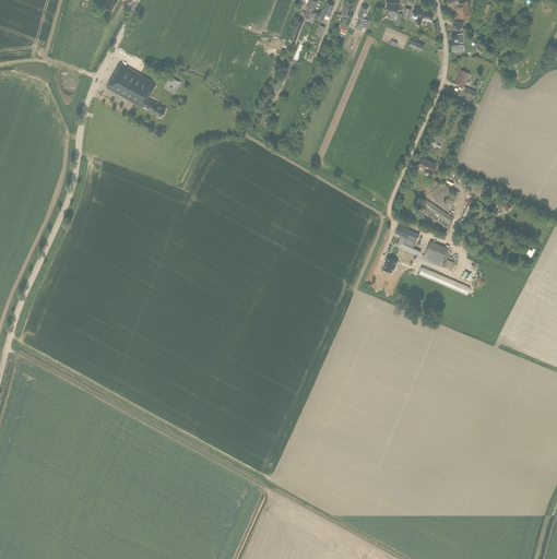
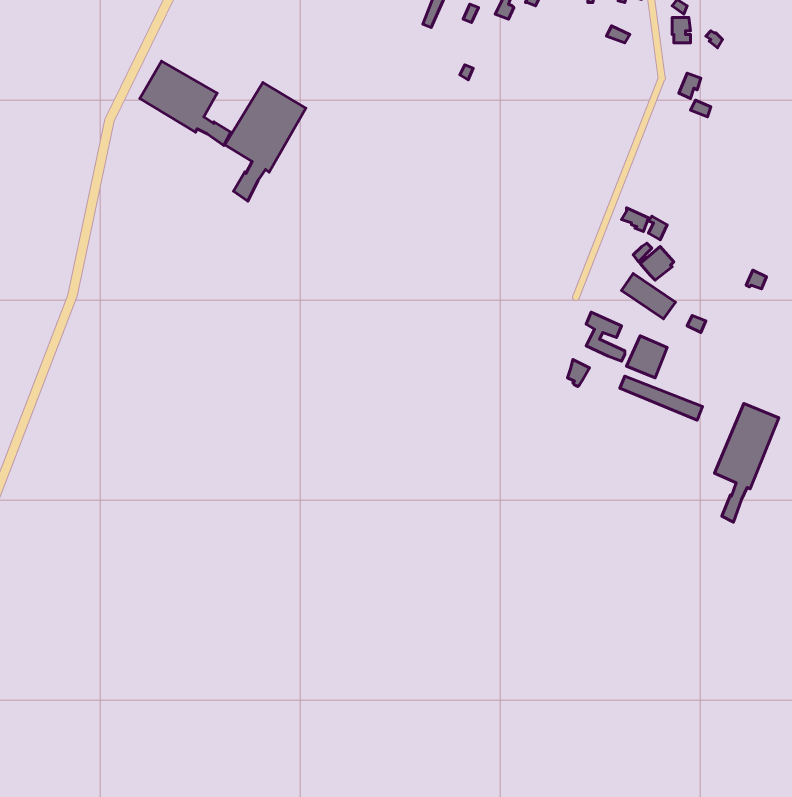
building: none -> [225,83,306,201]
building: none -> [715,404,779,522]

